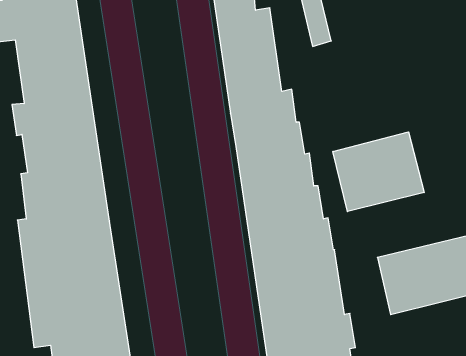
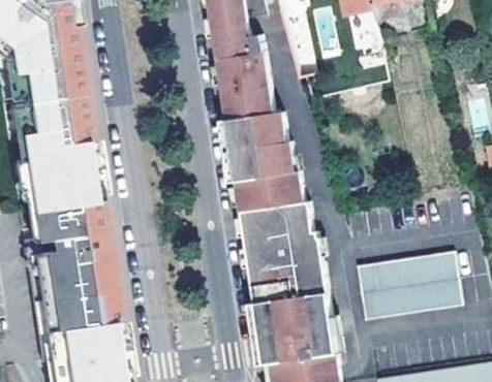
building: [333,132,424,212] -> none

